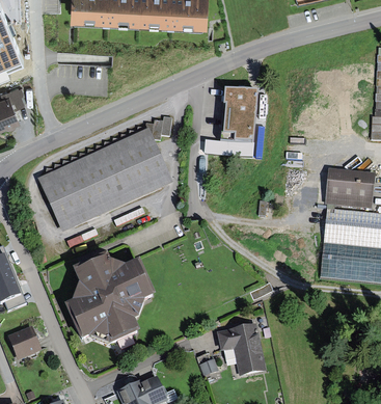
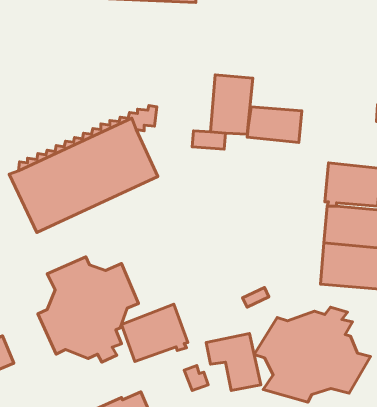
building: none -> [247,107,302,142]
building: none -> [121,304,188,362]
building: none -> [254,307,371,402]

